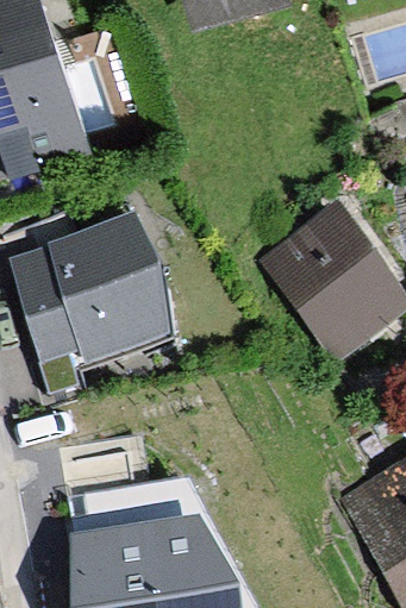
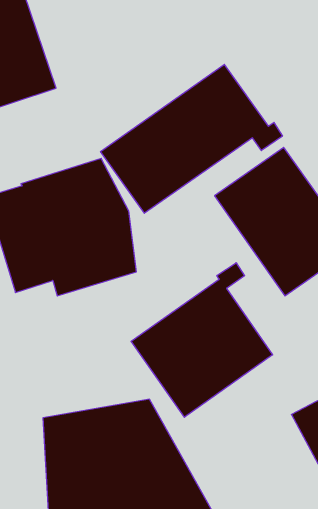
building: none -> [101,64,282,213]
building: none -> [131,263,273,417]

